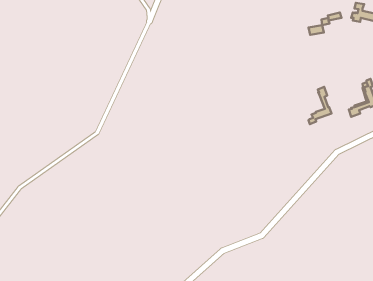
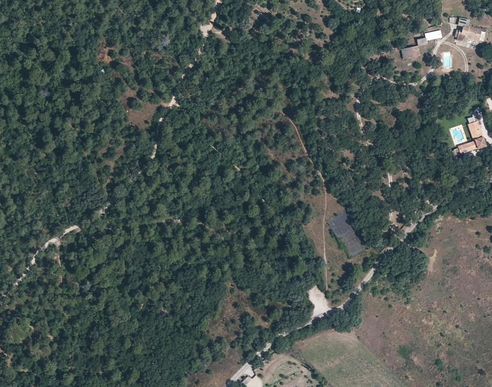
building: [308,87,331,124] -> none

